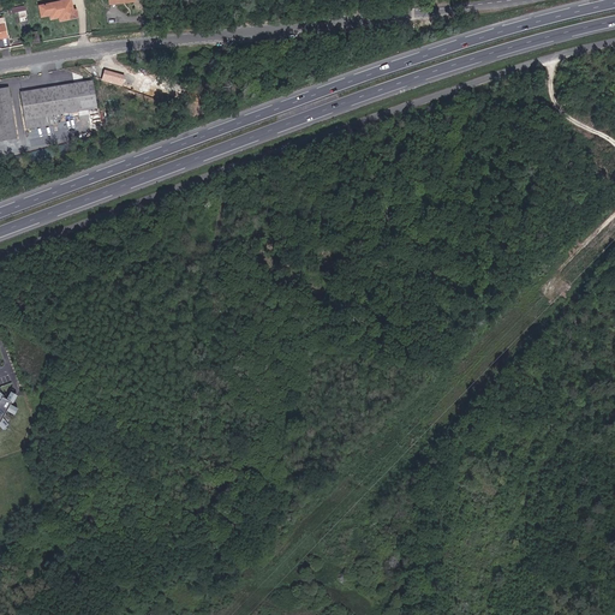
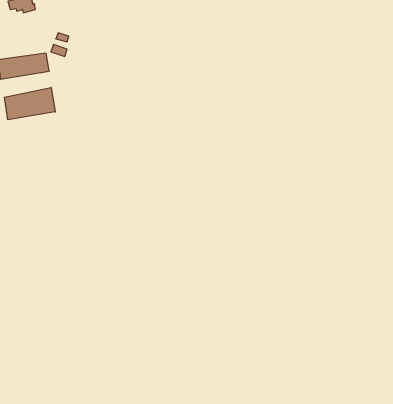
building: none -> [4,87,55,120]

